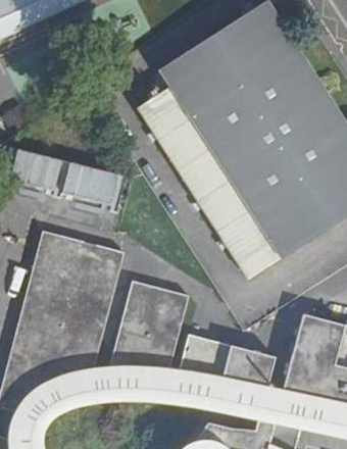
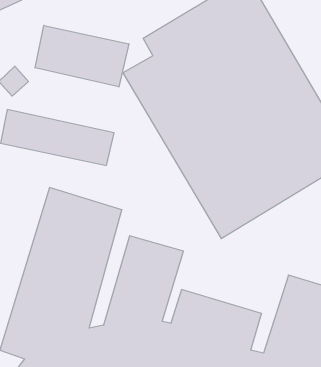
building: none -> [35,25,129,87]

